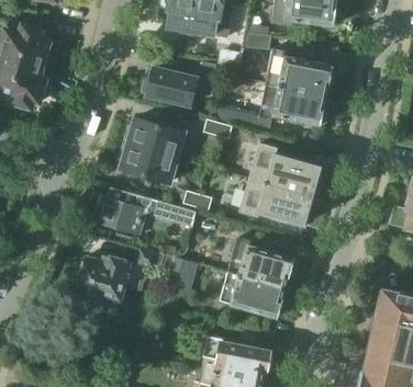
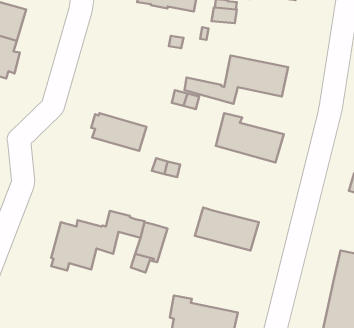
building: [265,48,332,95] -> none
building: [142,68,197,105] -> none
building: [124,118,183,158] -> none
building: [239,178,312,225] -> none
building: [98,189,196,235] -> none
building: [219,272,286,318] -> none

